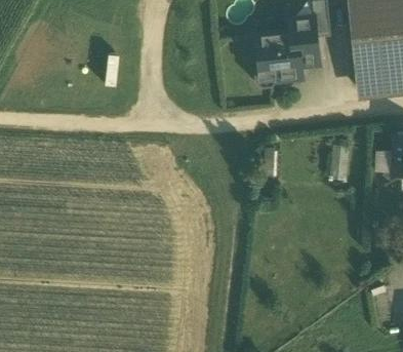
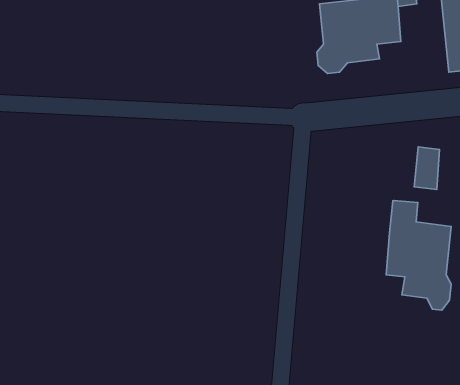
building: none -> [386,201,451,310]

